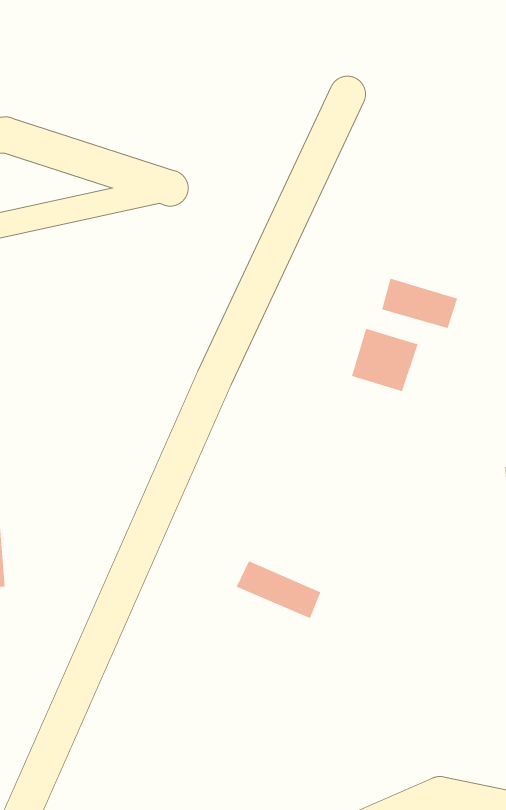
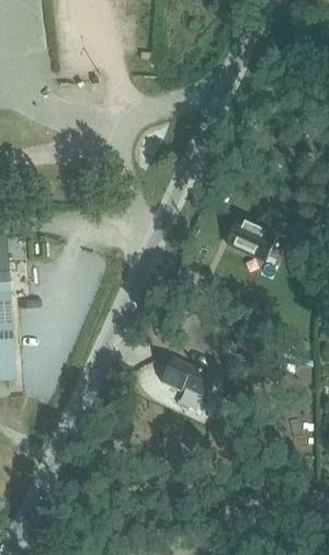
building: [382,278,458,329] -> none

